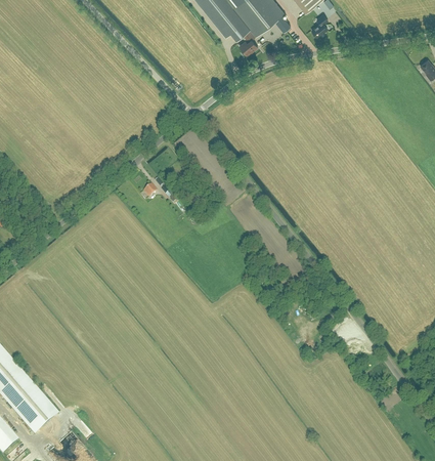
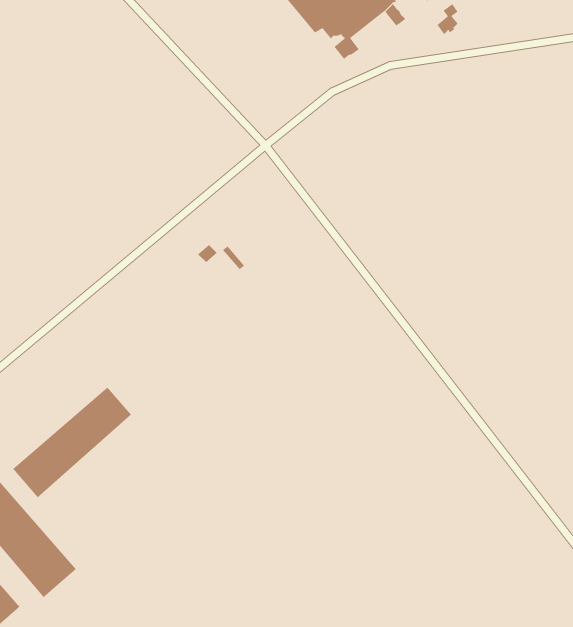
building: none -> [12,387,132,498]

